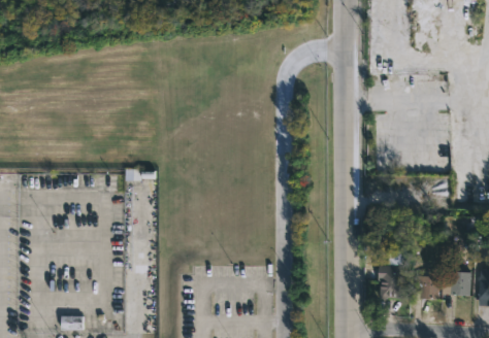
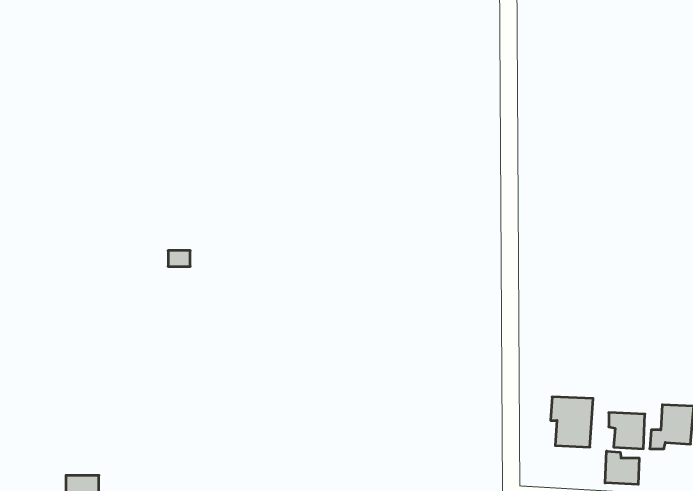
building: none -> [605,451,639,484]

